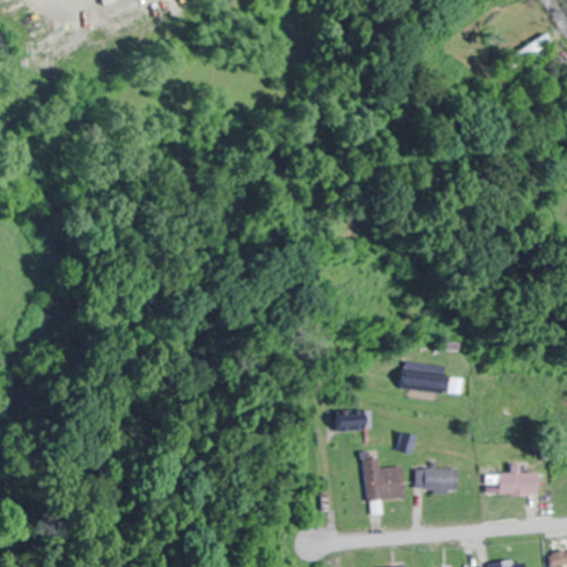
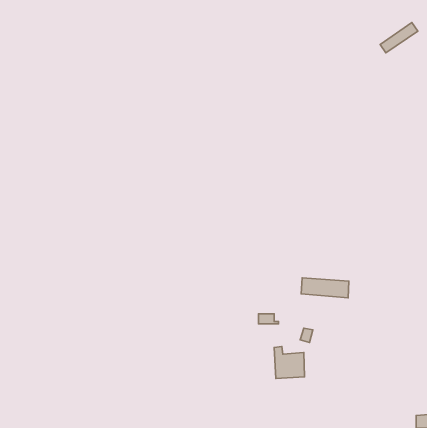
building: [497,464,539,493] -> none
building: [424,466,458,491] -> none

